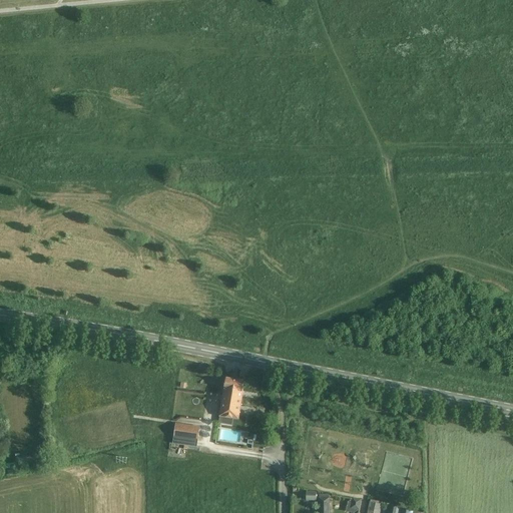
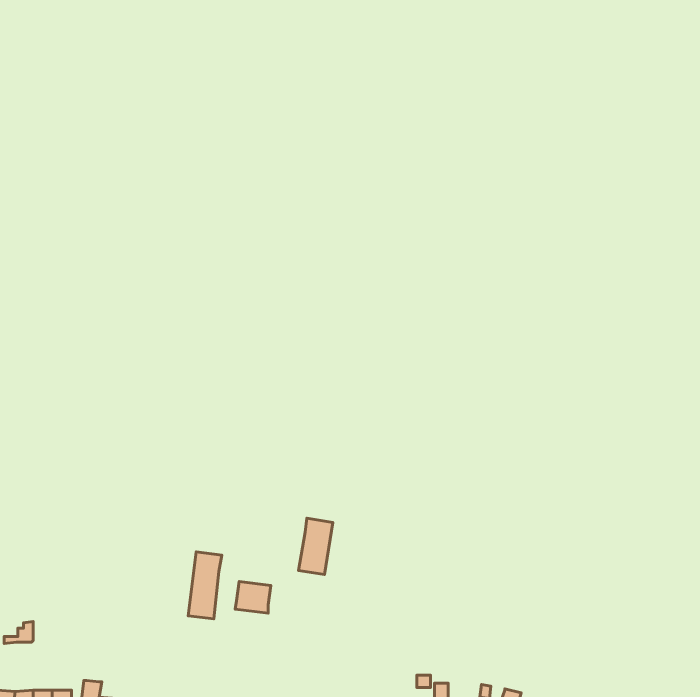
building: none -> [188,552,222,619]

